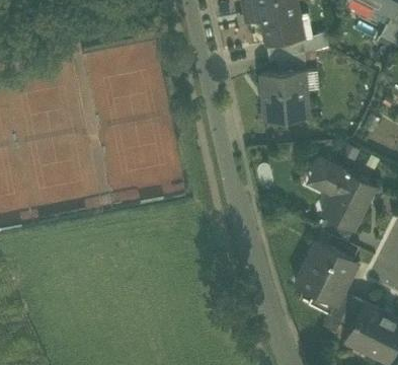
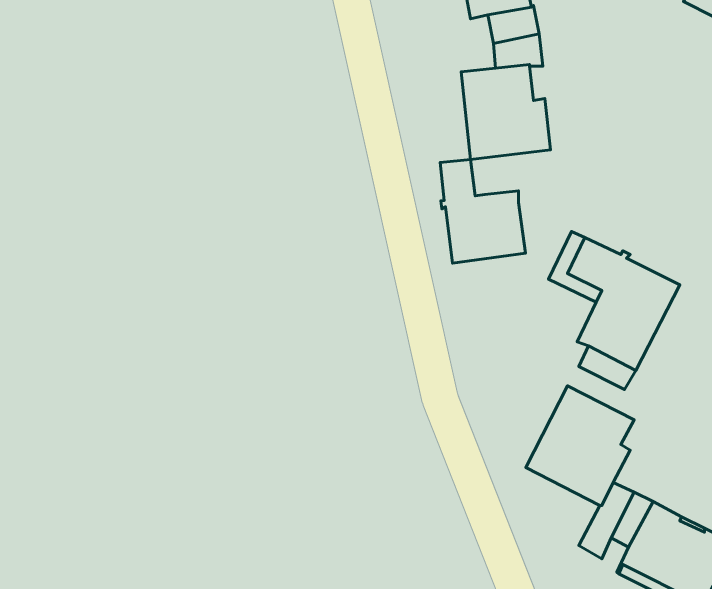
building: none -> [440,159,525,263]

